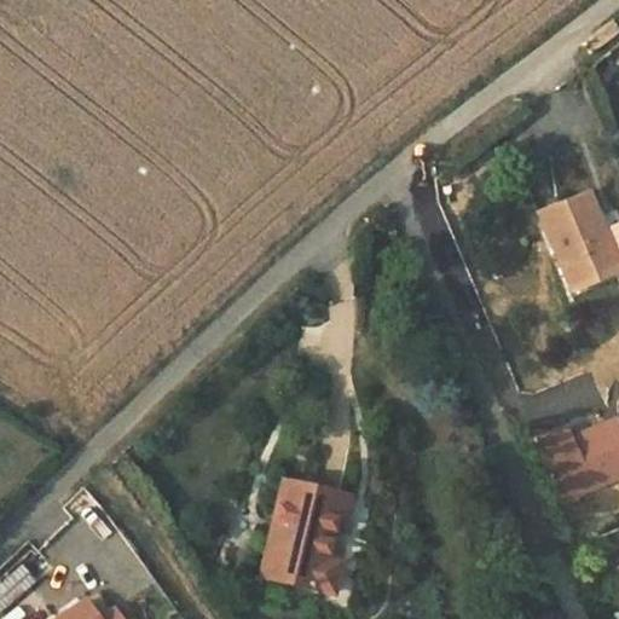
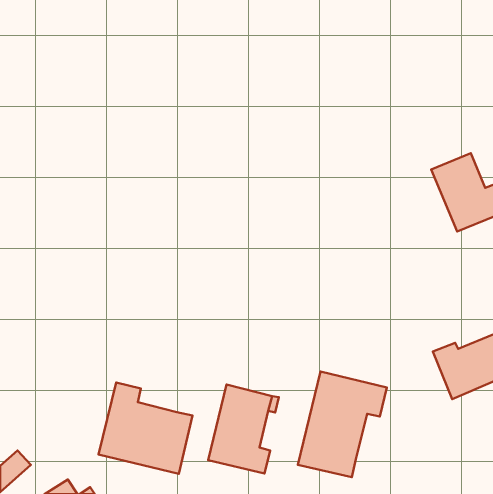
building: none -> [298,371,387,477]
building: none -> [98,383,193,474]

